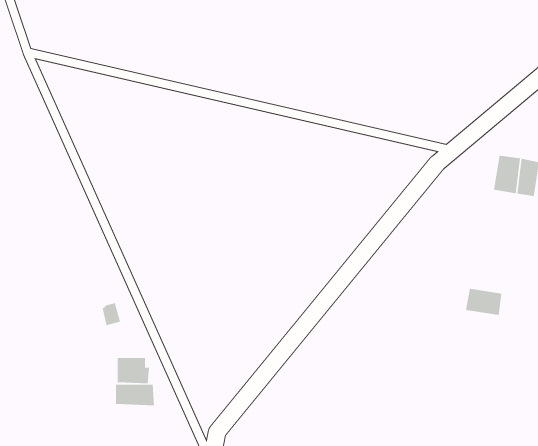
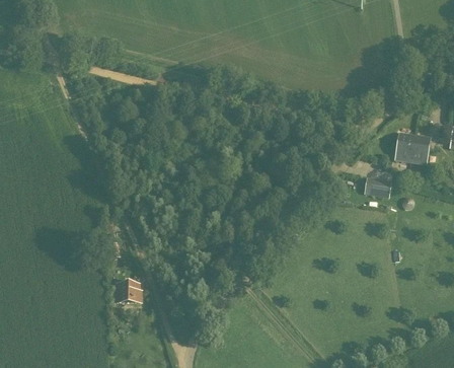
building: [465,288,502,316] -> [363,176,390,197]
building: [116,384,155,406] -> none

